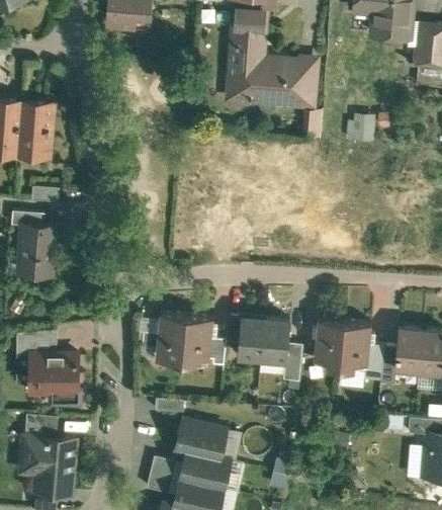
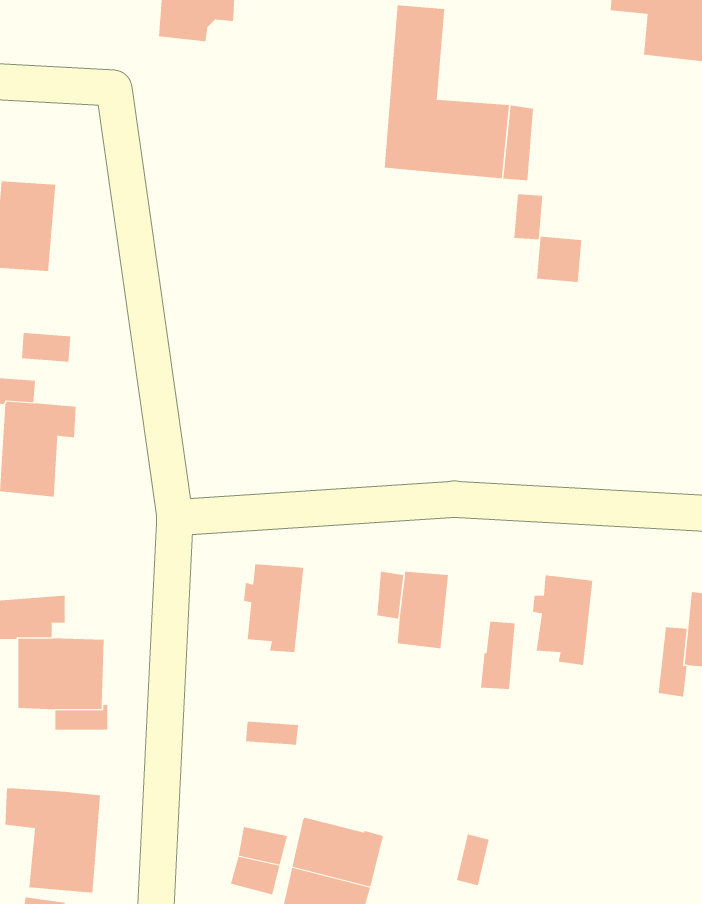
building: [348,115,373,141] -> [536,236,582,283]
building: [182,316,216,363] -> none
building: [262,320,290,362] -> none
building: [340,323,375,370] -> none
building: [26,415,58,438] -> none
building: [176,420,227,460] -> none

